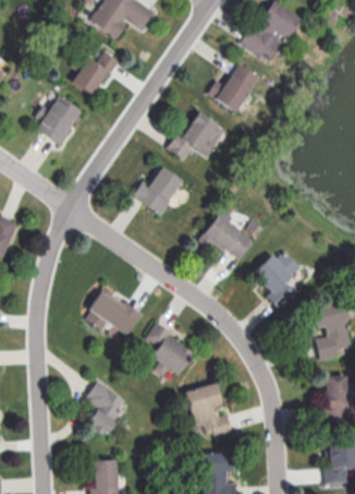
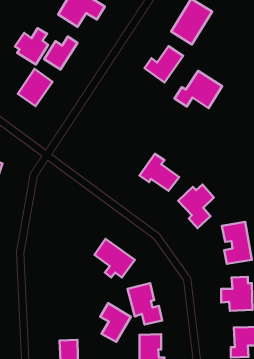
building: none -> [15,28,48,65]
building: [167,110,231,160] -> [175,71,222,108]
building: [132,165,183,215] -> none
building: [86,290,139,338] -> none
building: [85,381,126,433] -> [100,303,131,342]

